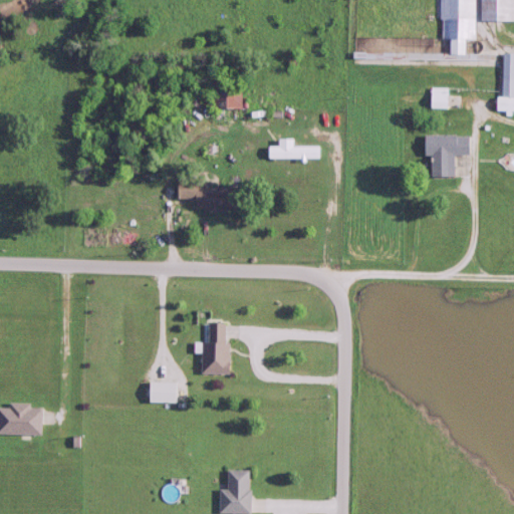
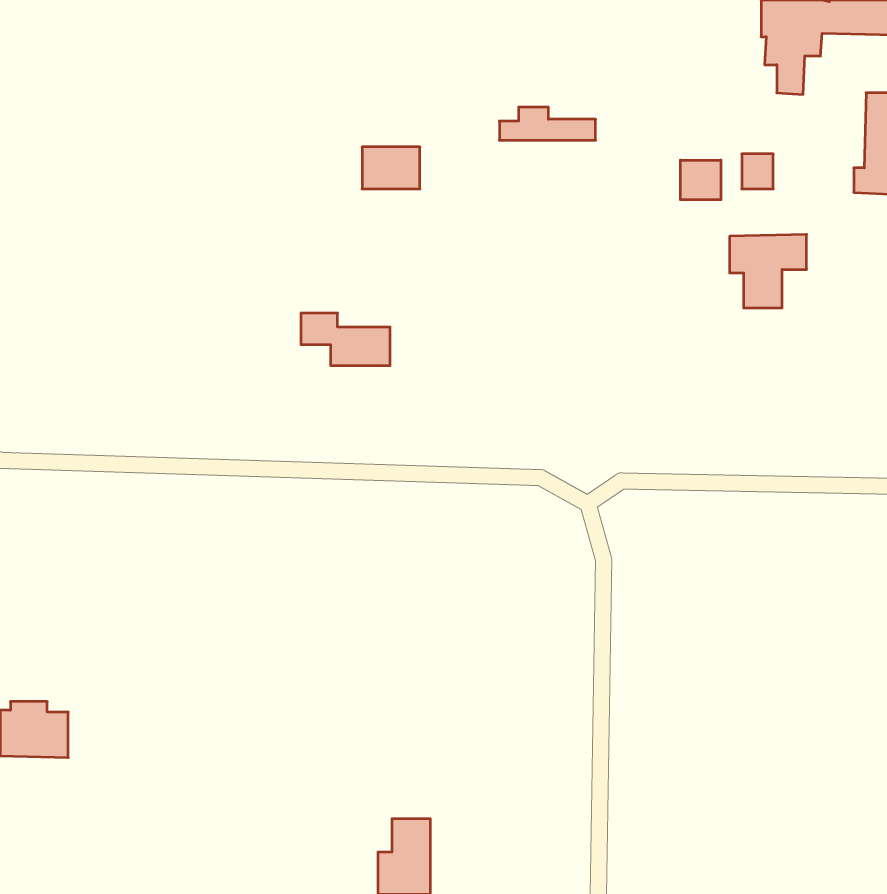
building: none -> [680,160,721,200]
building: [267,139,322,158] -> [499,107,596,140]
building: [202,323,228,374] -> none
building: [149,383,176,404] -> none

